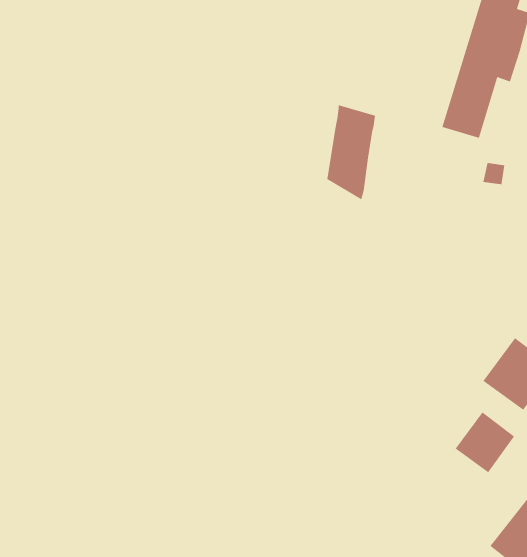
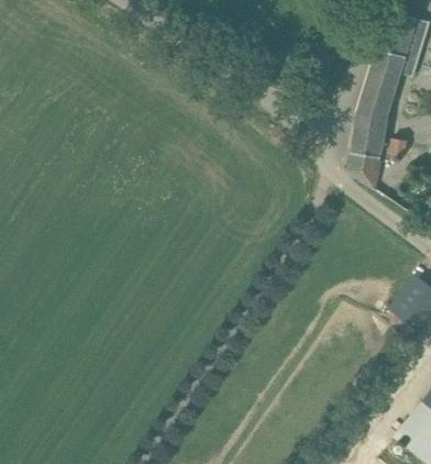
building: [326,104,376,200] -> [349,111,387,186]
building: [455,411,515,473] -> none

